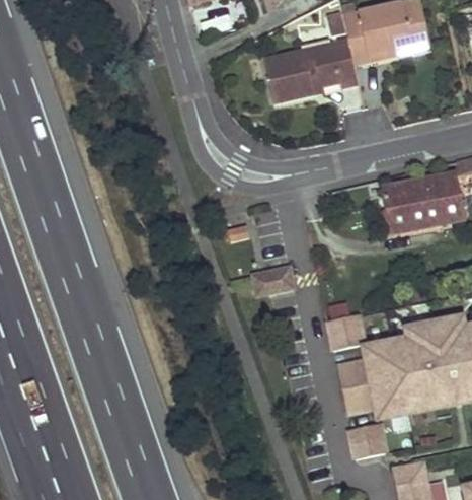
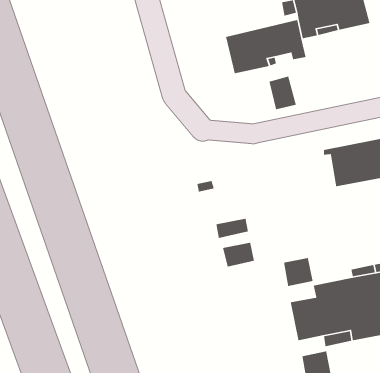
building: none -> [268,76,297,110]
building: none -> [222,242,255,267]

